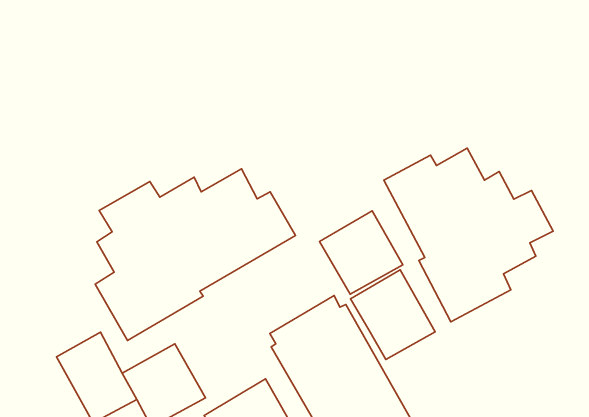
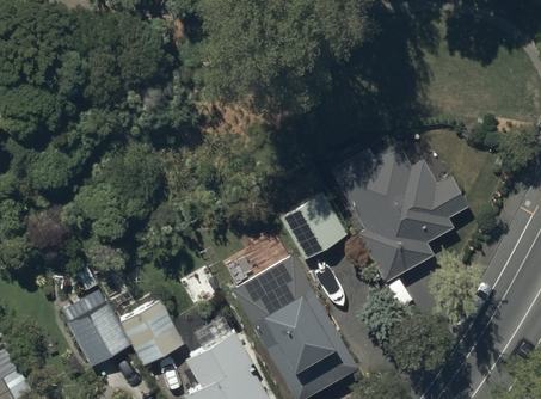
building: [95,169,296,341] -> none
building: [350,270,435,360] -> none

